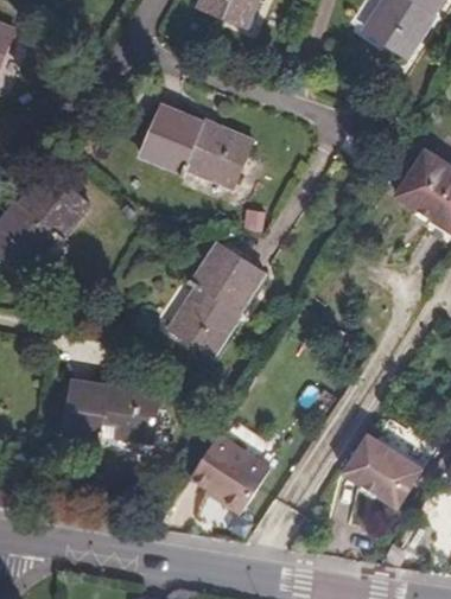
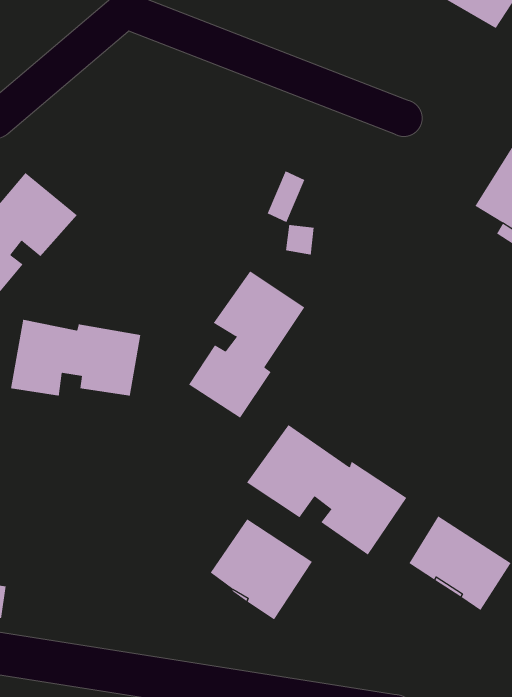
building: [141,104,255,186] -> none
building: none -> [246,424,407,556]
building: [61,380,161,439] -> [10,319,141,396]

